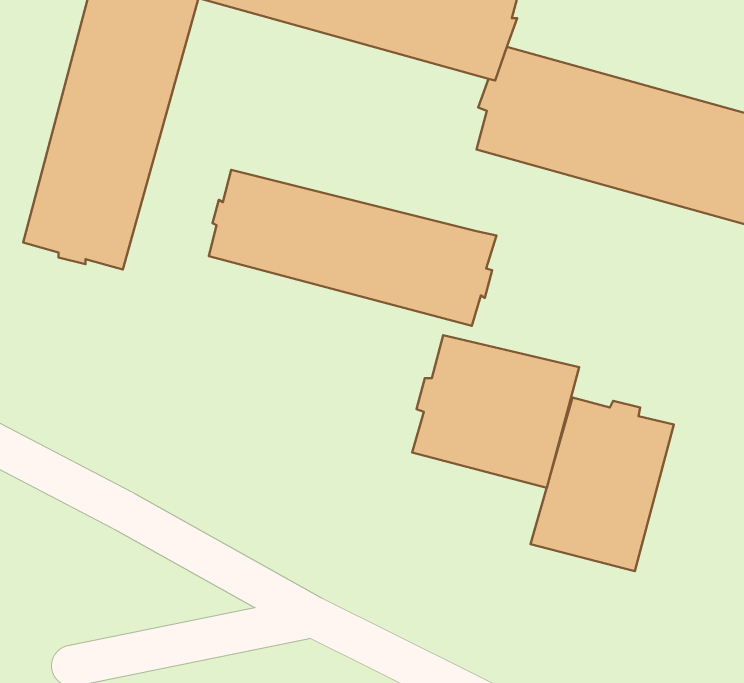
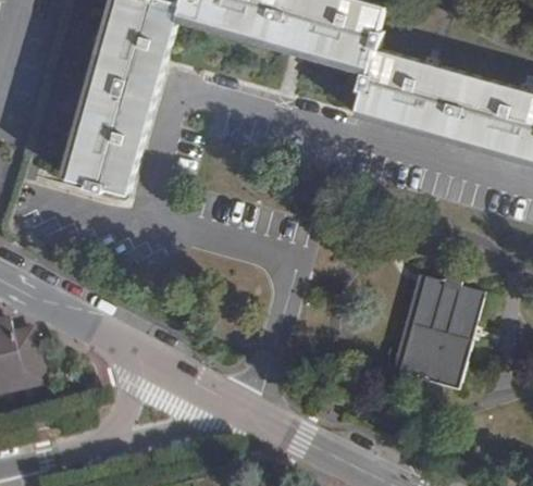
building: [209,170,496,326] -> none
building: [412,335,579,488] -> none

